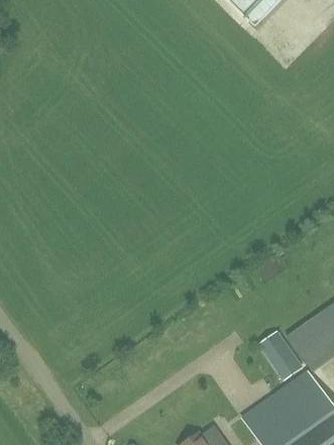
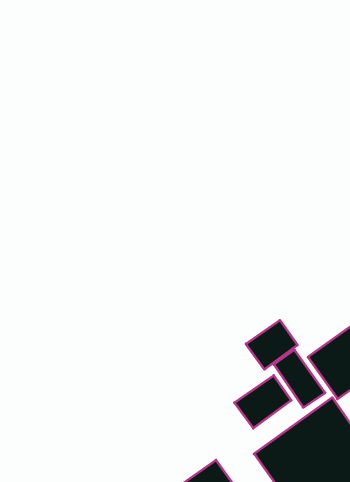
building: none -> [246,320,297,369]
building: none -> [234,375,291,428]

